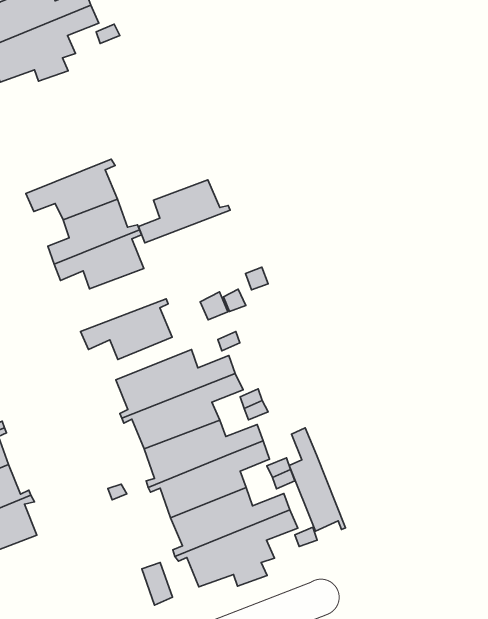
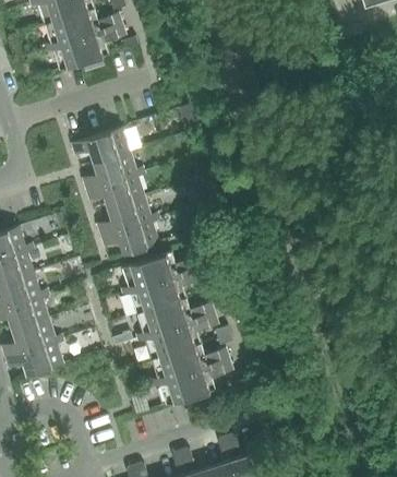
building: [139,180,230,243] -> [97,196,157,235]
building: [289,428,346,531] -> none

